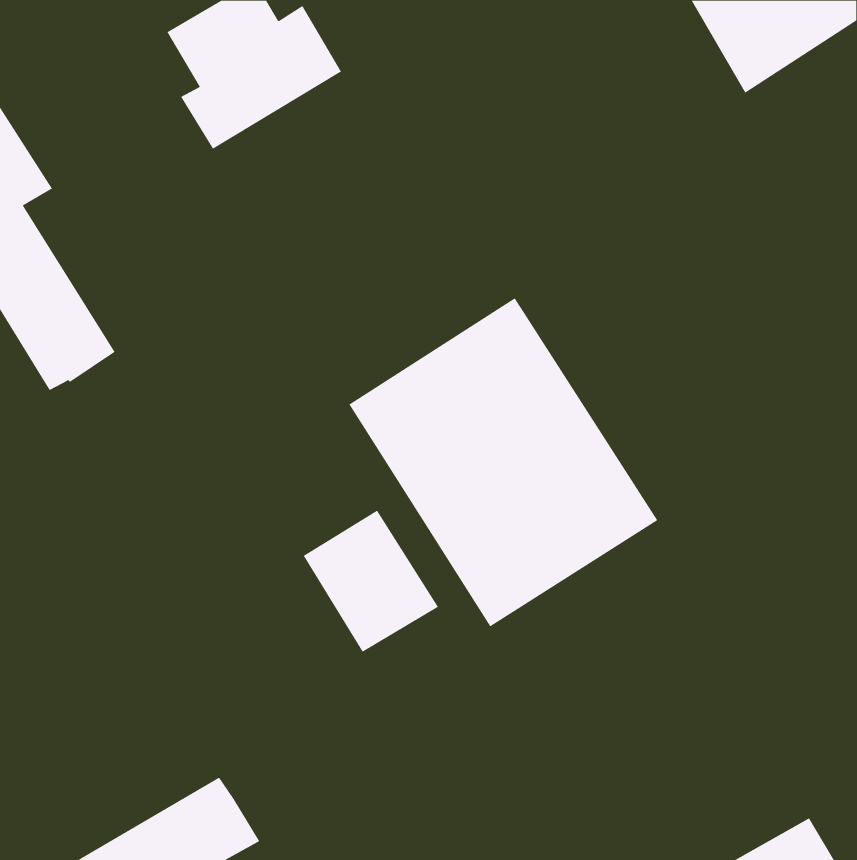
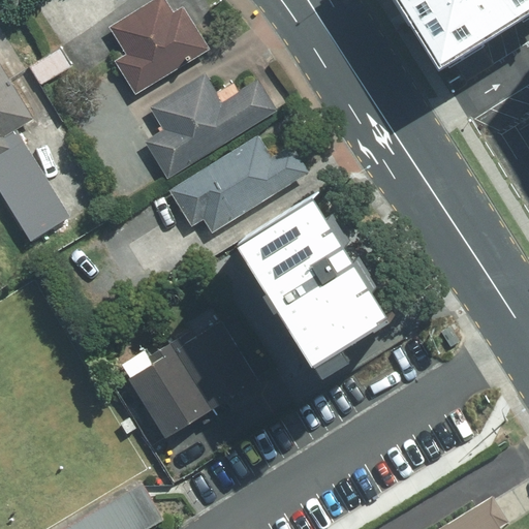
building: none -> [146,74,275,178]
building: none -> [168,135,307,234]
building: none -> [145,343,220,427]

